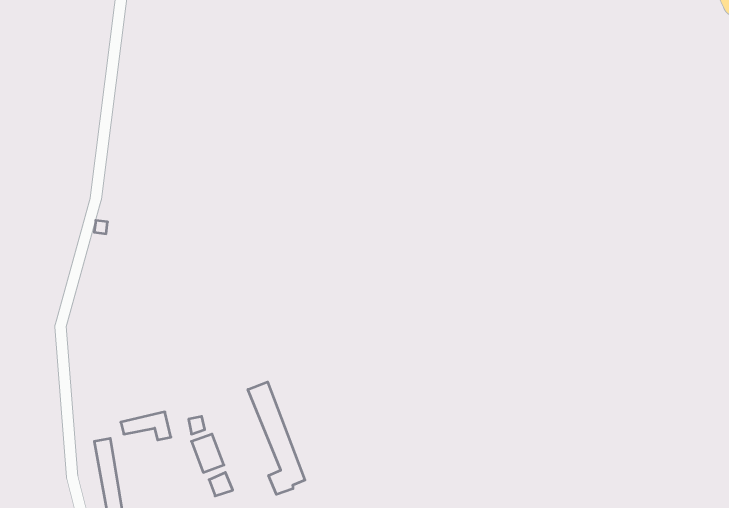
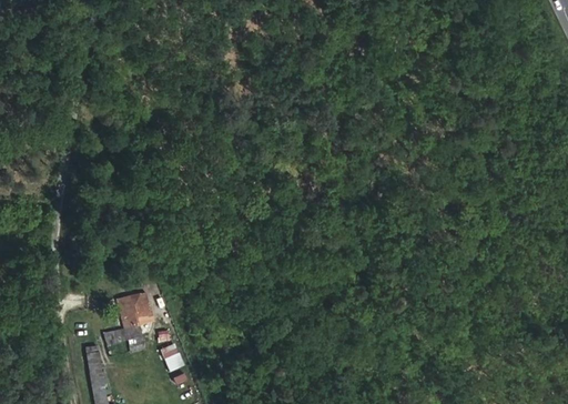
building: none -> [118,292,153,325]
building: [248,382,305,494] -> none

